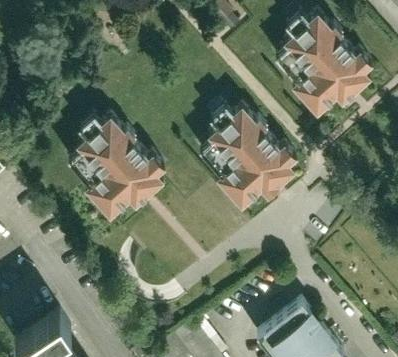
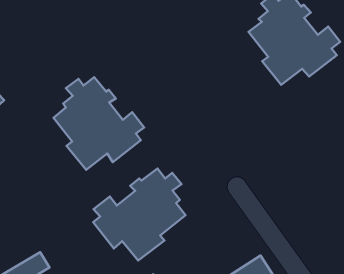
building: [199,109,300,212] -> none
building: none -> [93,169,185,261]

